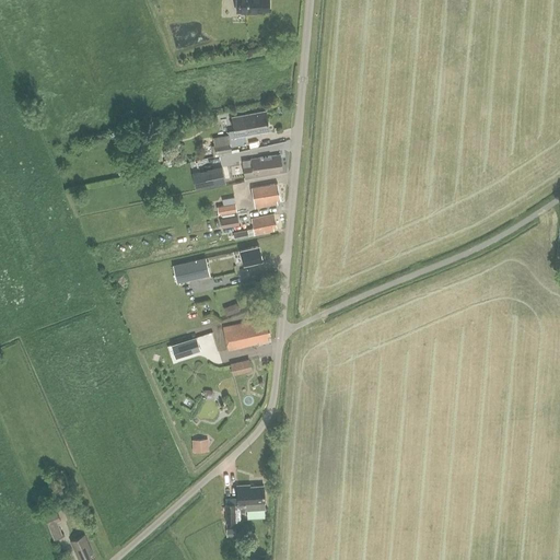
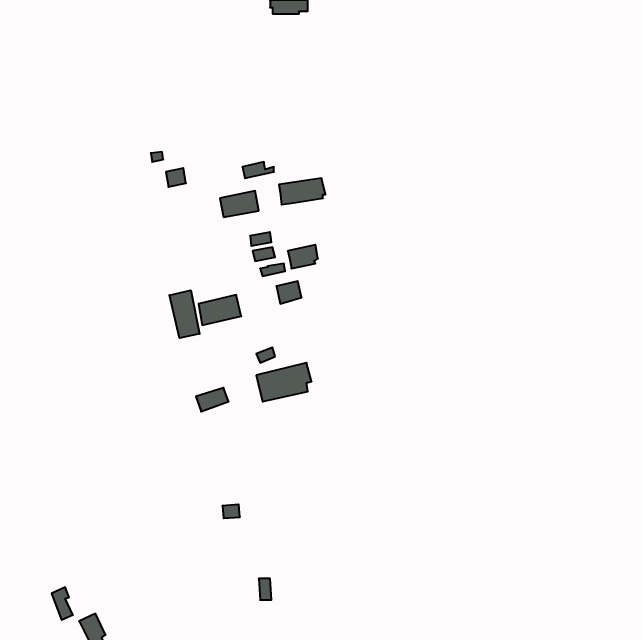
building: [232,110,269,137] -> none
building: [252,184,281,208] -> none
building: none -> [169,290,200,338]
building: [237,486,265,510] -> none

